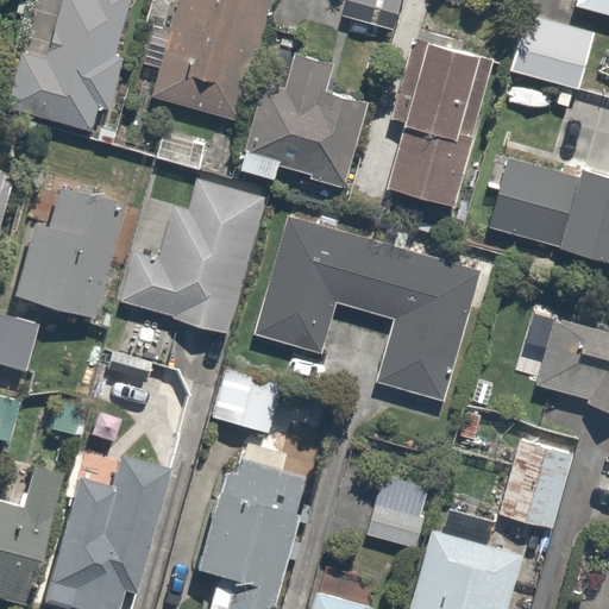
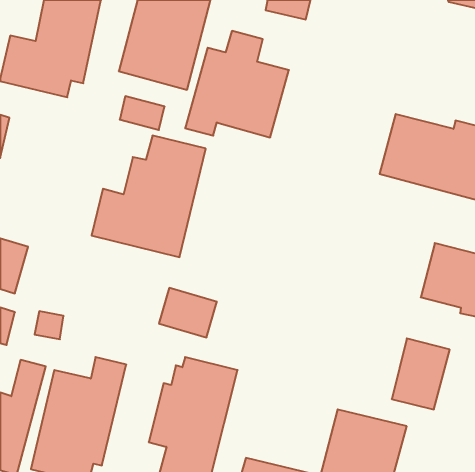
building: [515,17,596,84] -> none
building: [388,32,491,202] -> none
building: [12,187,119,319] -> none
building: [258,219,477,401] -> none
building: [371,471,429,544] -> none

